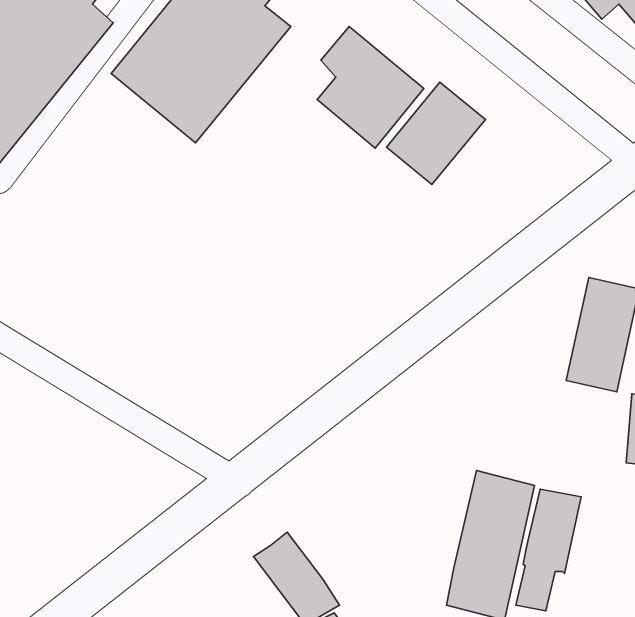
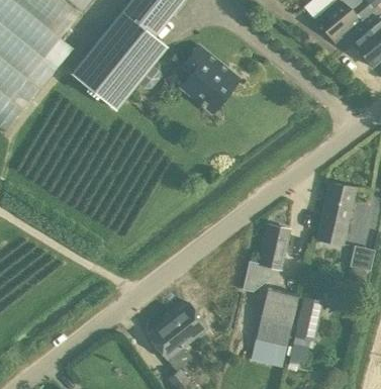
building: [386,82,486,185] -> none
building: none -> [242,226,288,292]
building: none -> [165,303,207,346]

